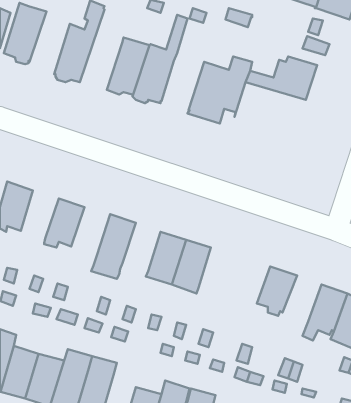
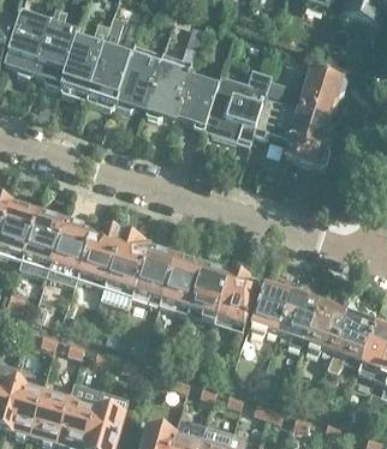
building: none -> [89,17,135,108]
building: none -> [35,19,79,86]
building: none -> [177,72,222,125]
building: none -> [255,95,332,167]
building: none -> [23,211,66,268]
building: none -> [78,227,121,281]
building: none -> [132,246,175,304]
building: none -> [216,273,258,330]
building: none -> [251,283,293,334]
building: none -> [306,303,349,352]

